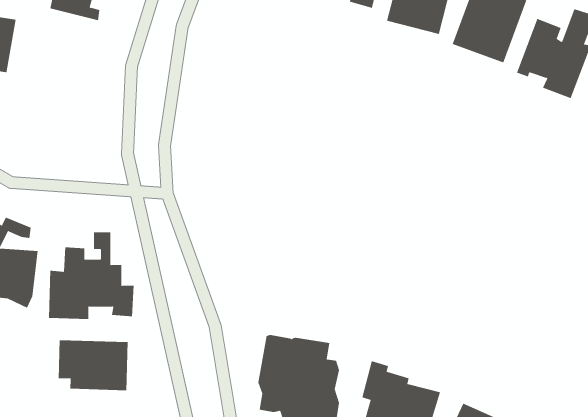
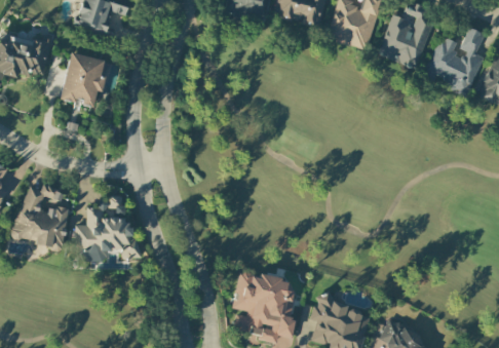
building: none -> [61,52,104,107]
building: [58,340,128,391] -> none

